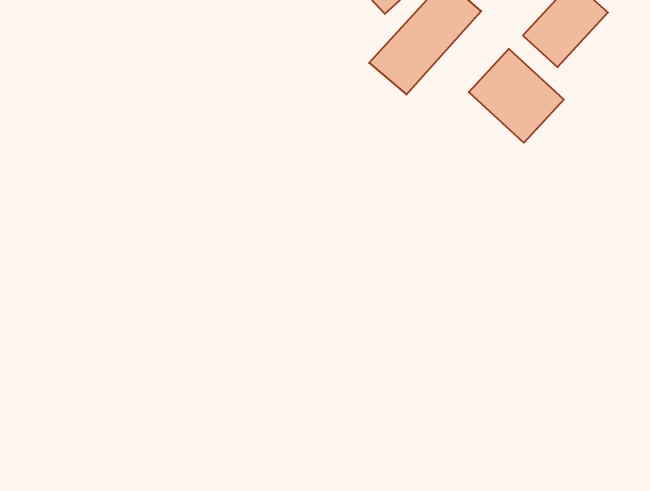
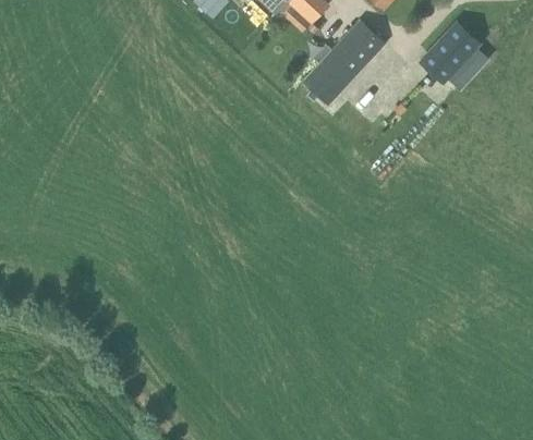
building: [469,49,564,143] -> none

